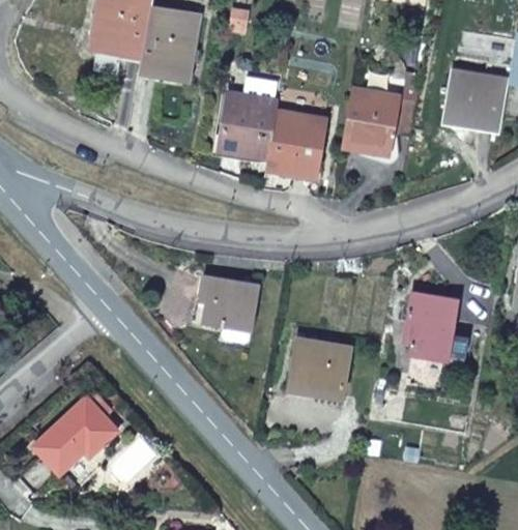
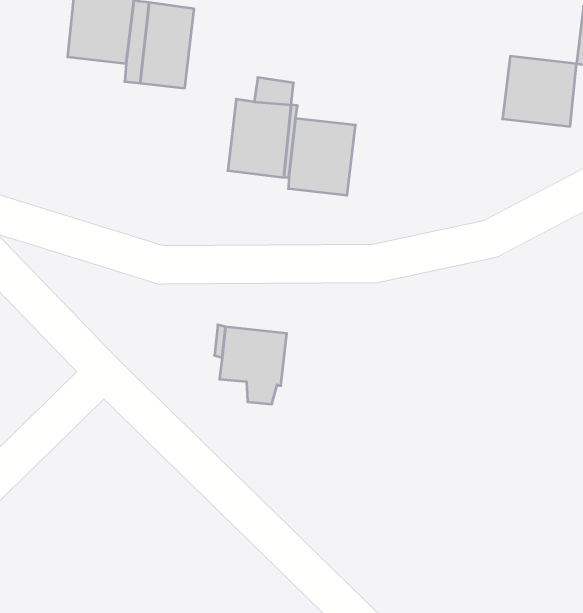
building: [342,89,399,154] -> none
building: [407,292,467,370] -> none
building: [289,338,350,396] -> none
building: [34,398,117,472] -> none

